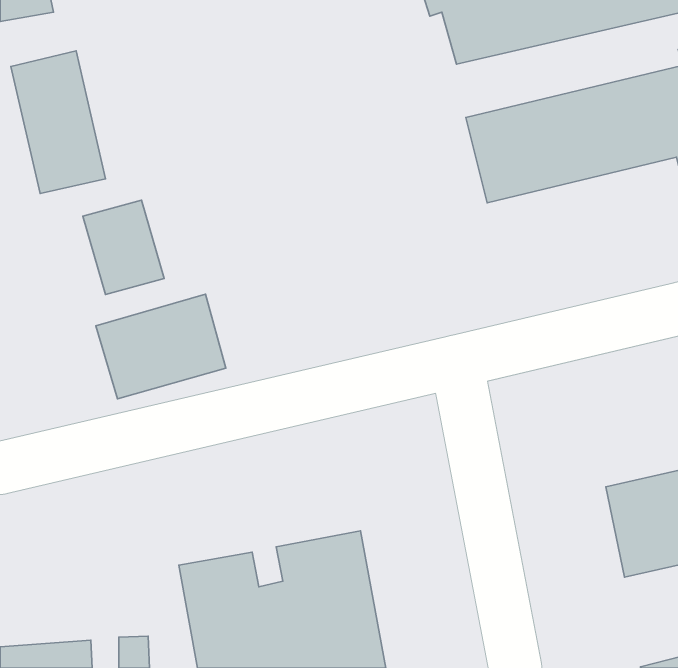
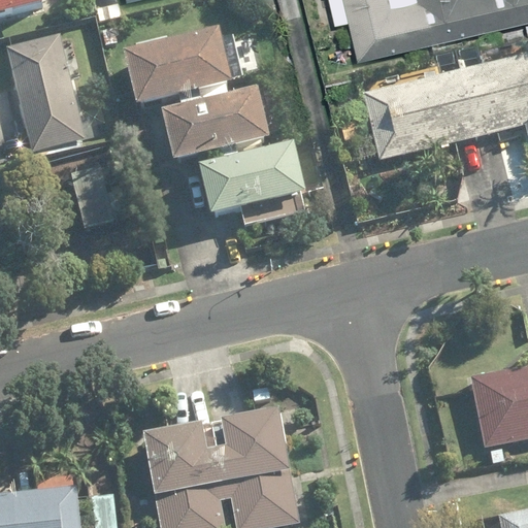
building: none -> [123,32,305,224]
building: [96,294,226,399] -> none

